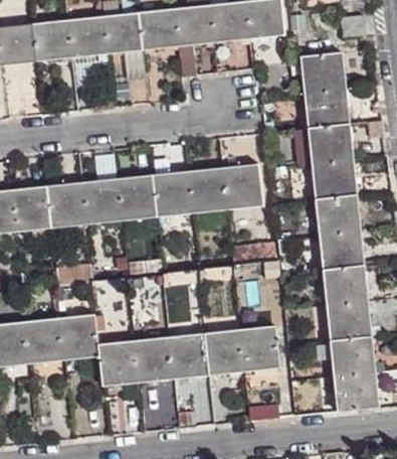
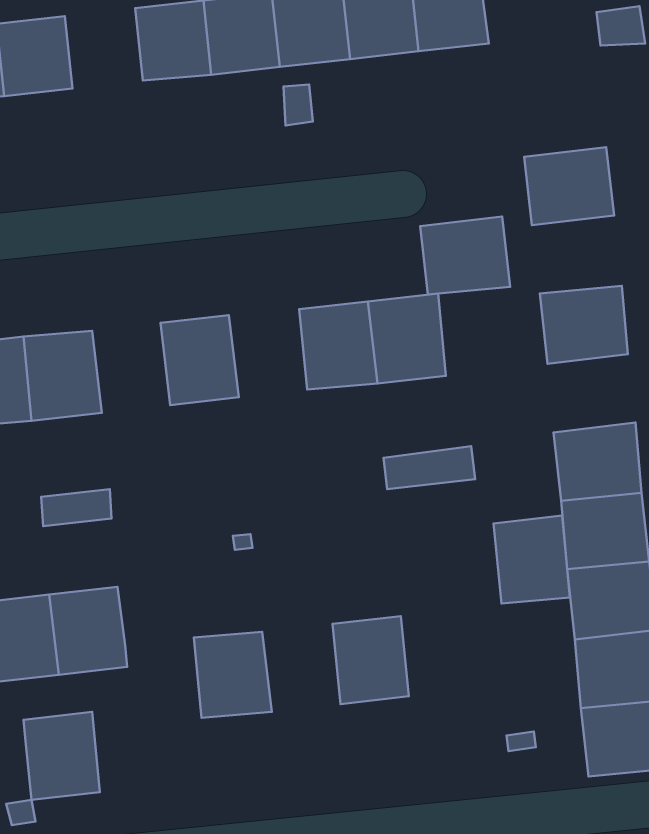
building: [66,16,107,57] -> none
building: [299,52,345,93] -> none
building: [307,123,353,163] -> [420,216,510,295]
building: [151,171,191,216] -> none
building: [80,178,121,224] -> none
building: [315,194,360,235] -> none
building: [239,325,278,370] -> [494,516,570,603]
building: [168,333,208,378] -> none
building: [97,340,137,386] -> [24,712,100,800]

